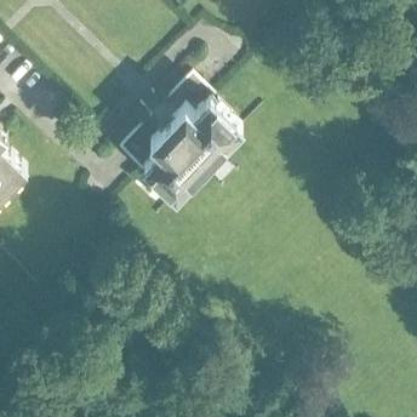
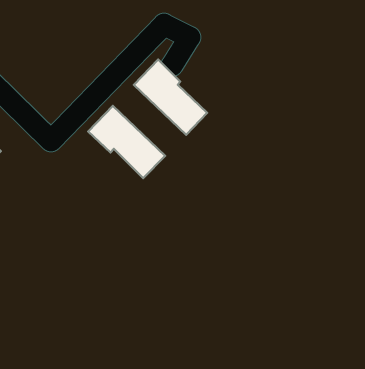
building: [138,103,215,177] -> none

